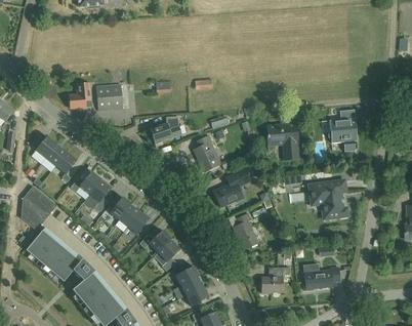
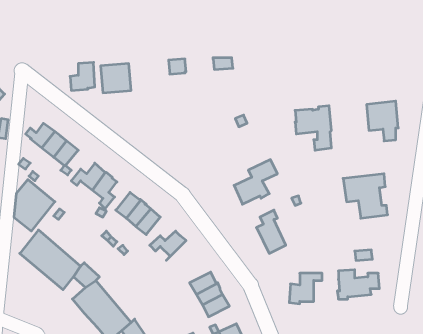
building: [150,117,180,141] -> none
building: [194,134,218,172] -> none
building: [154,239,180,271] -> none

